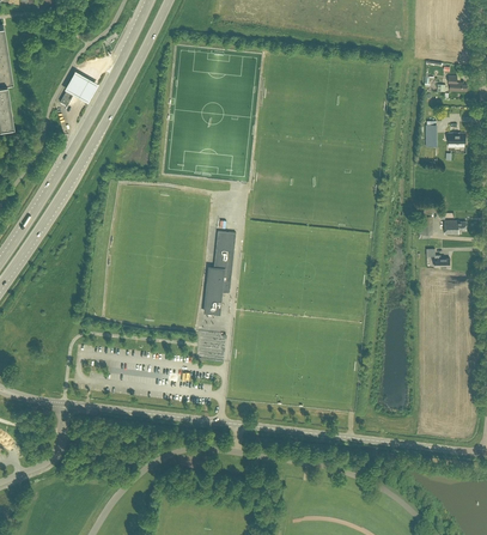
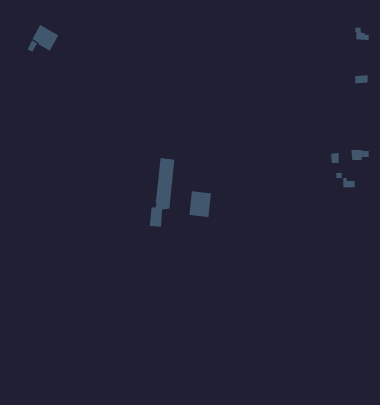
building: none -> [189,190,212,218]

